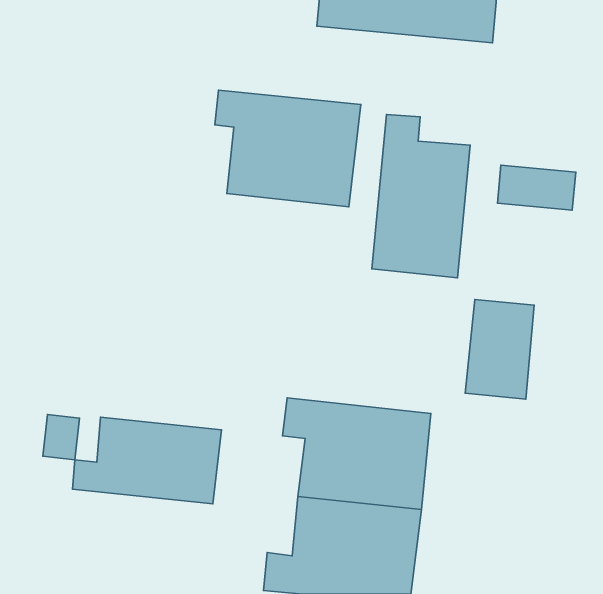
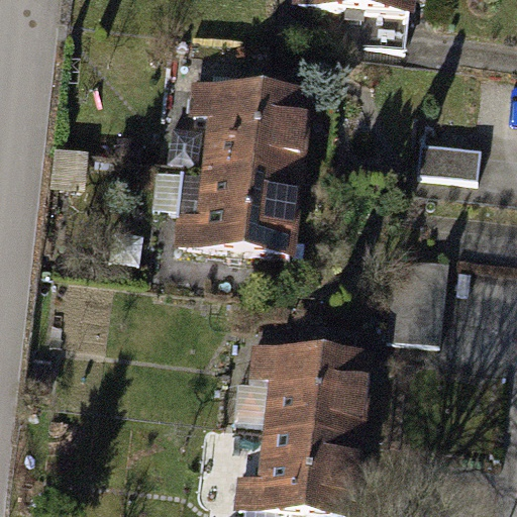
building: [372,115,470,278] -> none
building: none -> [142,160,300,262]
building: [72,417,221,504] -> none

